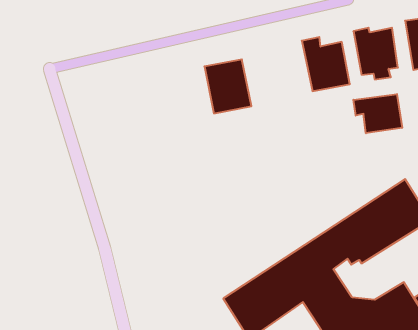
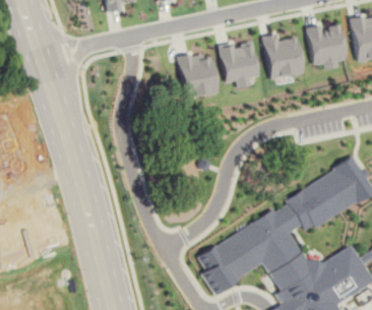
building: none -> [220,43,258,87]
building: [353,94,402,133] -> none

